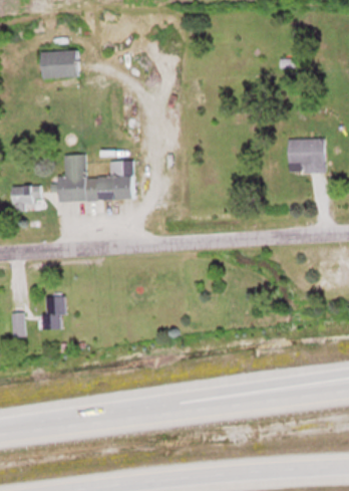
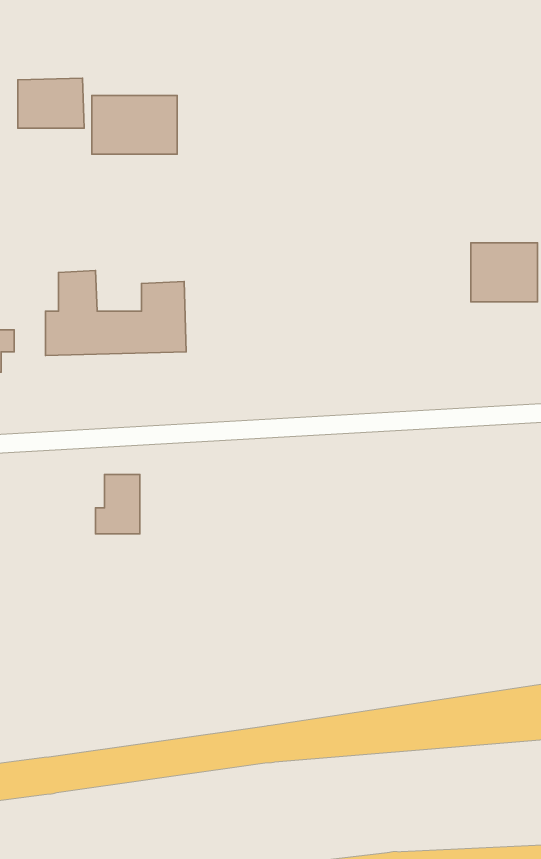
building: none -> [92,95,177,154]
building: [40,296,64,328] -> [95,475,140,534]

